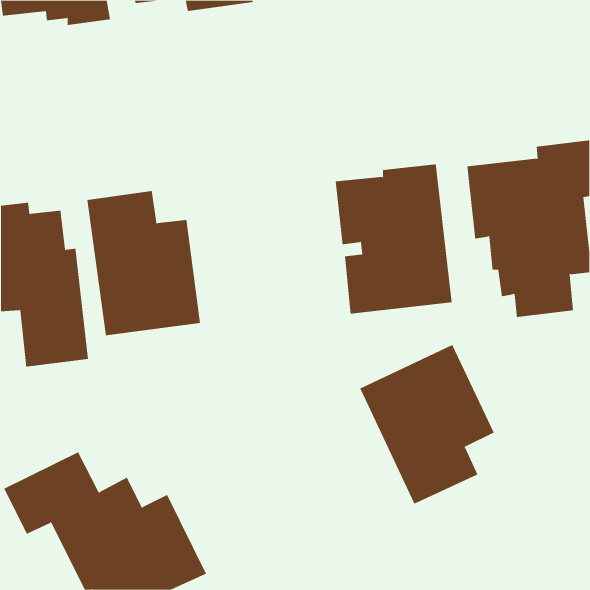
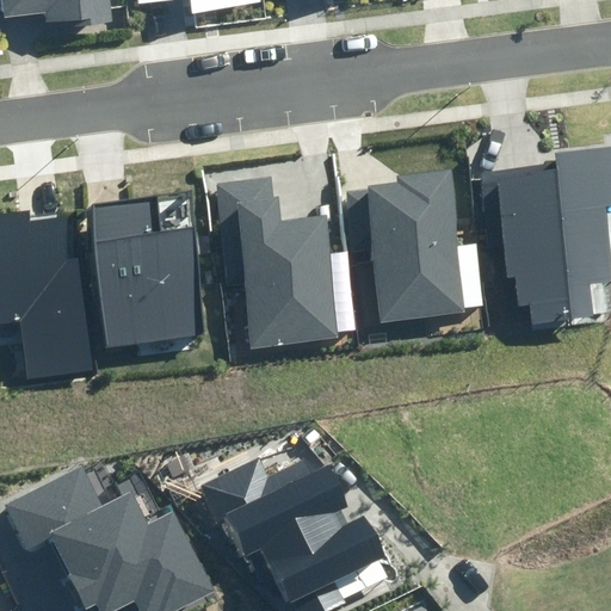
building: none -> [214,175,340,348]
building: [359,344,494,505] -> none
building: none -> [198,457,385,601]

